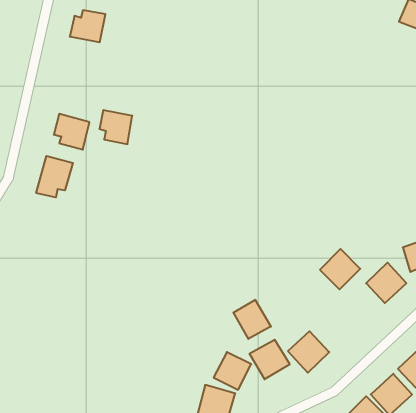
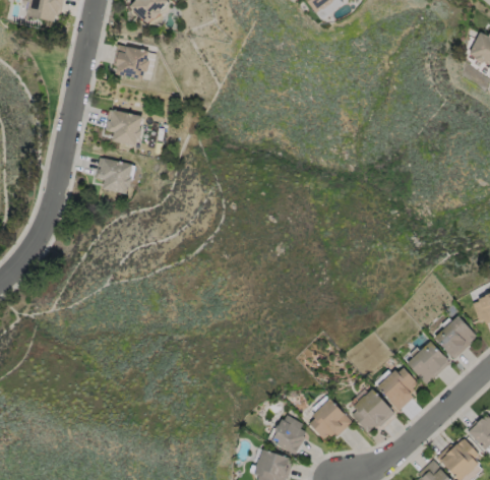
building: [99,110,132,144] -> [107,109,142,145]
building: [36,156,73,197] -> none
building: [320,249,360,289] -> [407,342,450,385]
building: [233,300,271,339] -> none
building: none -> [376,366,421,411]

